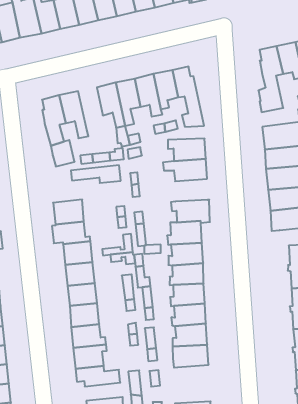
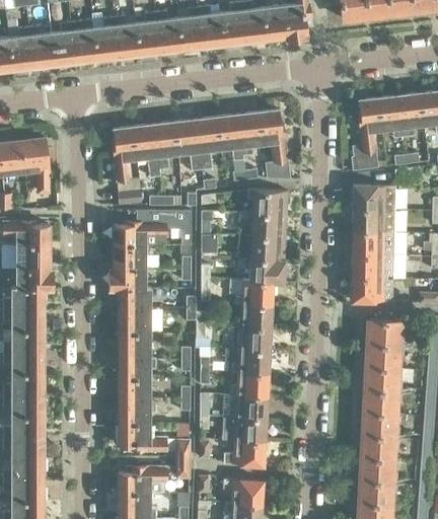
building: none -> [154,124,178,169]
building: none -> [114,223,167,245]
building: none -> [244,235,286,261]
building: none -> [224,441,266,466]

